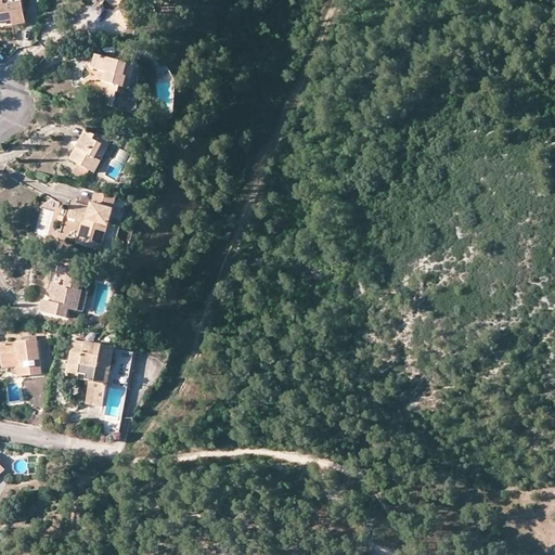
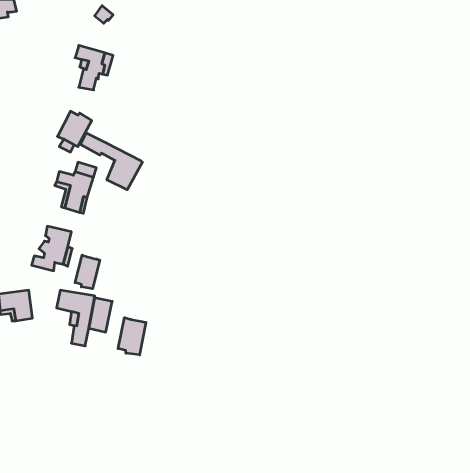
building: none -> [80,133,142,190]
building: none -> [75,255,100,289]
building: none -> [118,318,146,355]

